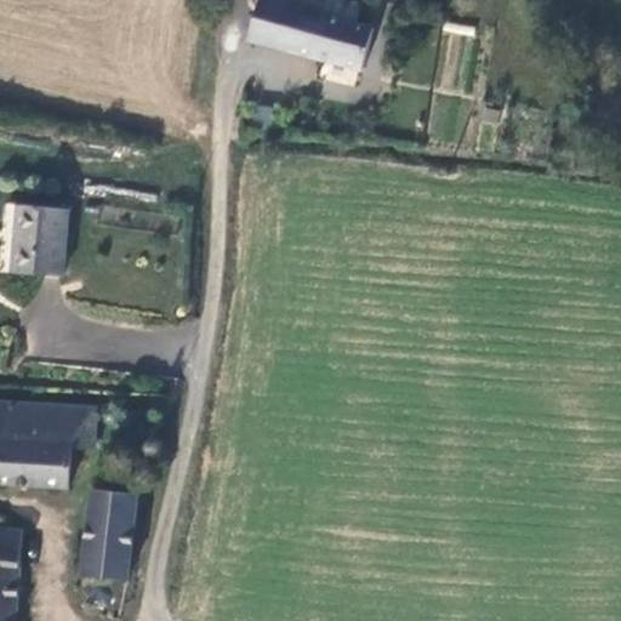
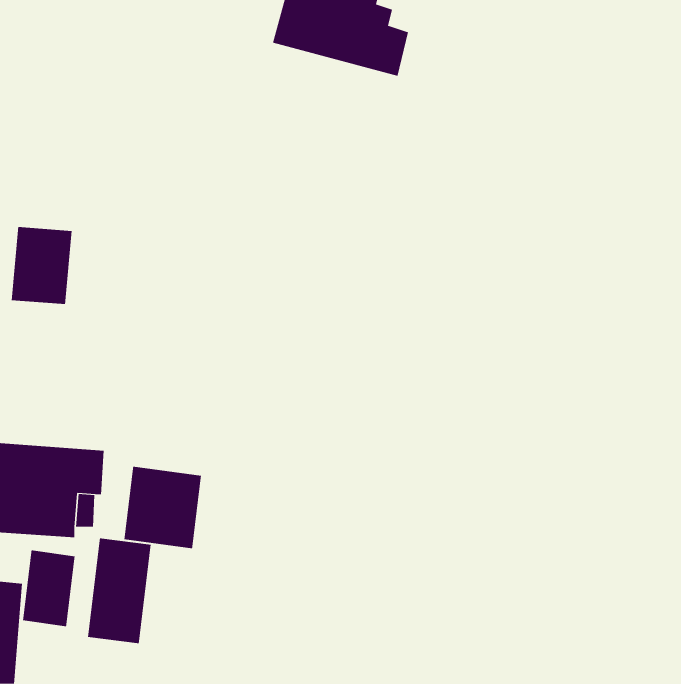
building: none -> [124,466,201,549]
building: none -> [23,549,75,627]

